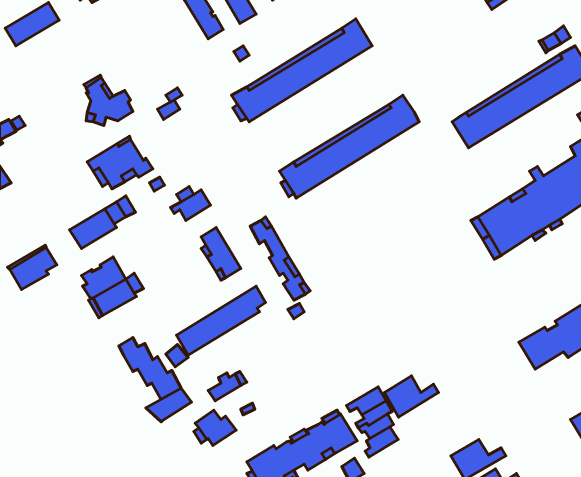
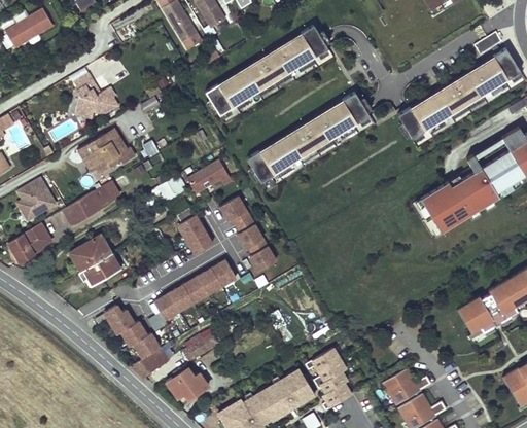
building: none -> [187,159,233,193]
building: none -> [17,178,56,220]
building: [384,376,438,417] -> [383,368,430,404]

